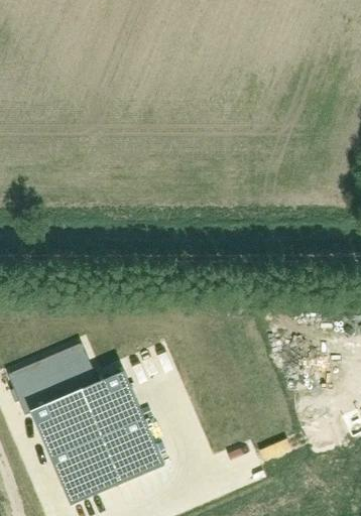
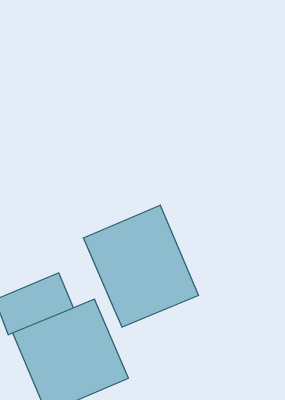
building: none -> [83,205,198,327]

